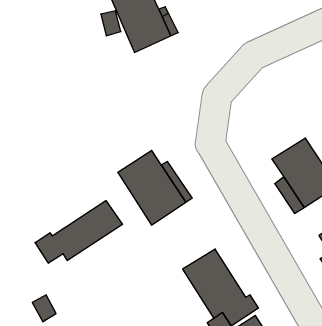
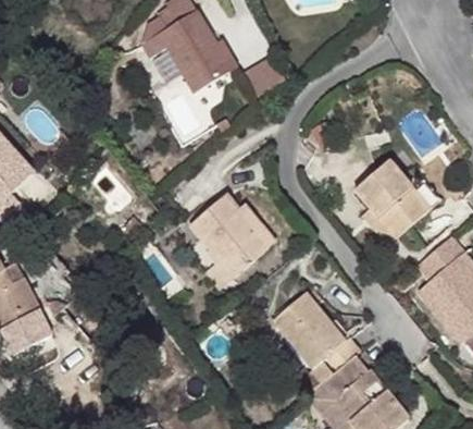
building: [35,201,122,263] -> none

